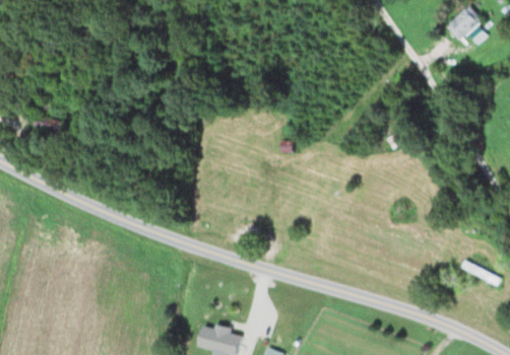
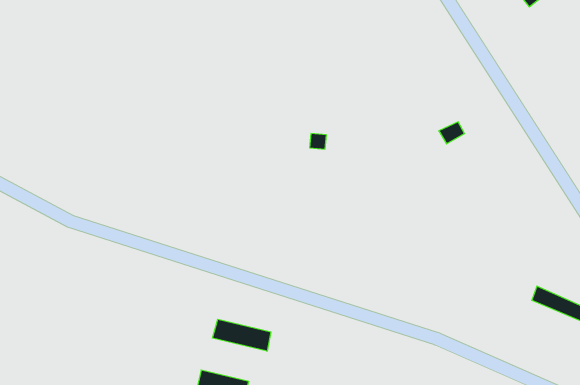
building: none -> [213,319,271,351]

